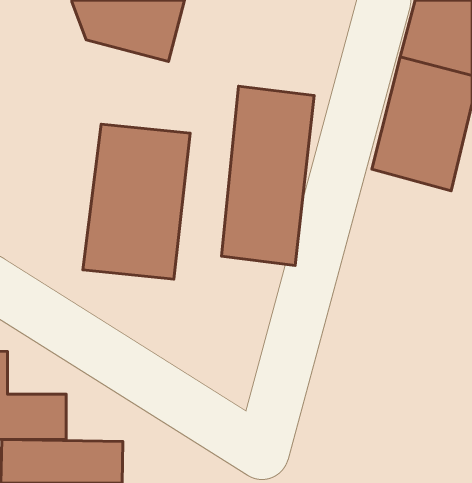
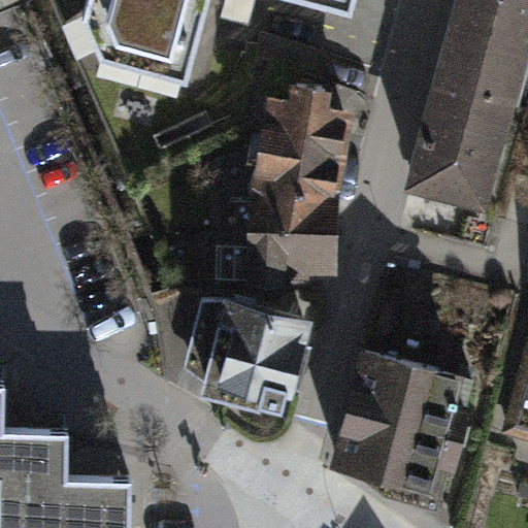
building: [83,124,190,279] -> none
building: none -> [204,298,314,414]
building: none -> [320,339,460,507]

